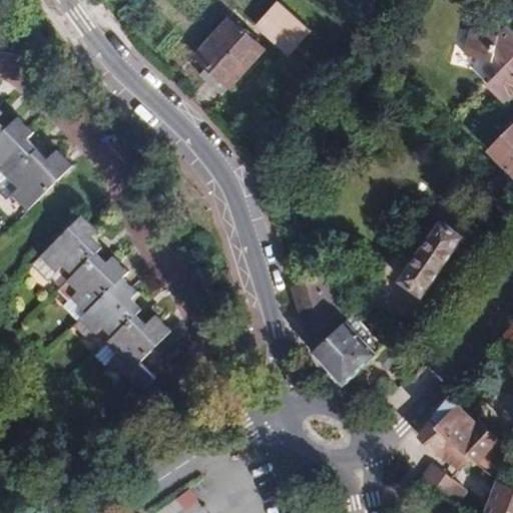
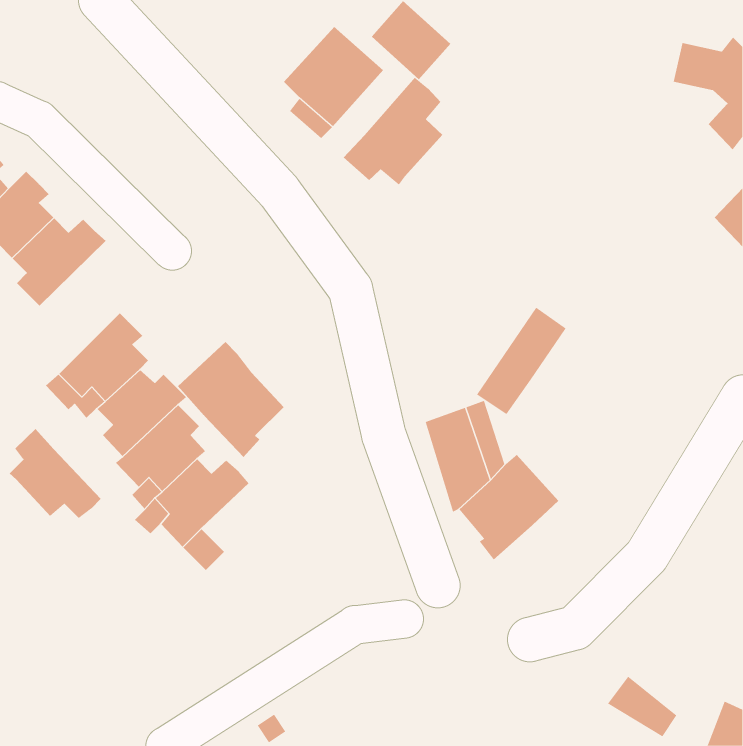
building: none -> [343,77,443,185]
building: [400,221,462,296] -> [476,307,567,415]
building: none -> [177,341,284,458]
building: none -> [9,428,101,519]
building: [418,397,498,470] -> none

